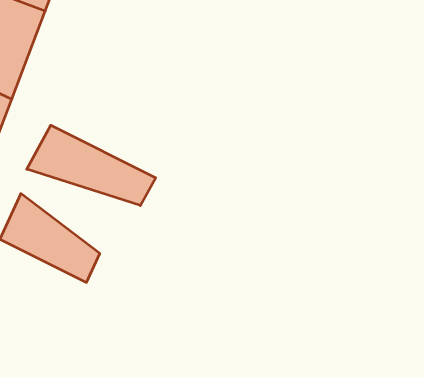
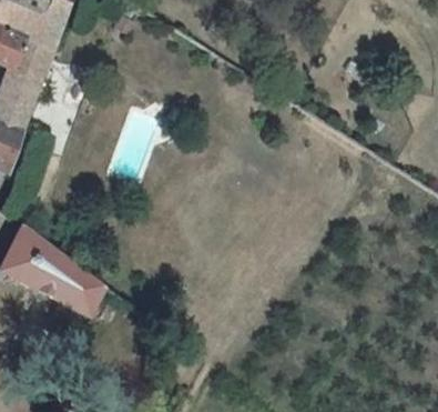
building: [27,125,156,206] -> none

